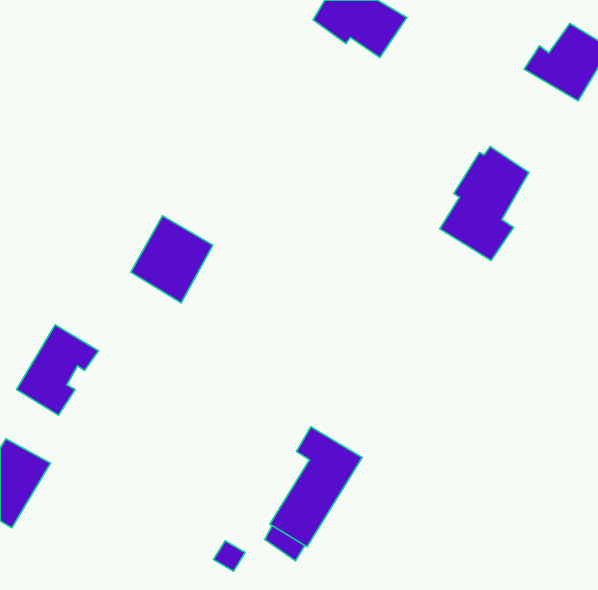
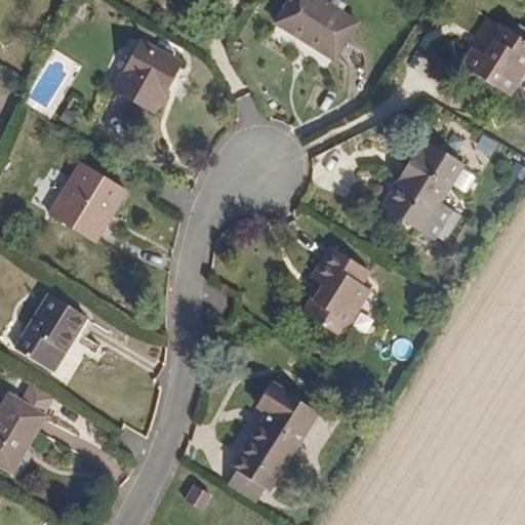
building: none -> [113,43,177,112]
building: [131,216,213,303] -> [52,163,124,239]
building: none -> [304,250,370,335]

